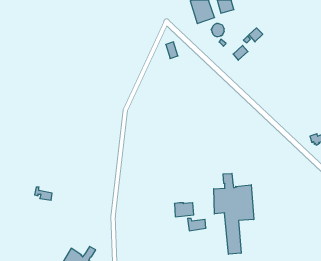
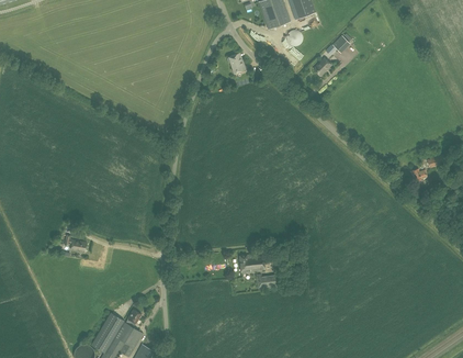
building: [214,173,254,254] -> none

